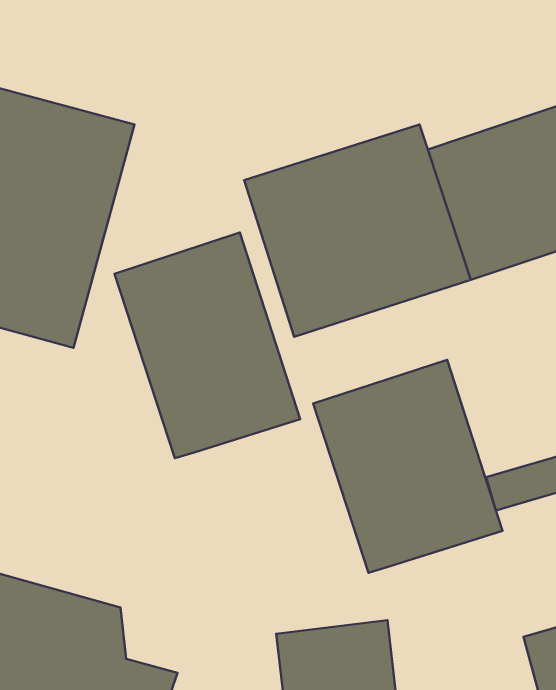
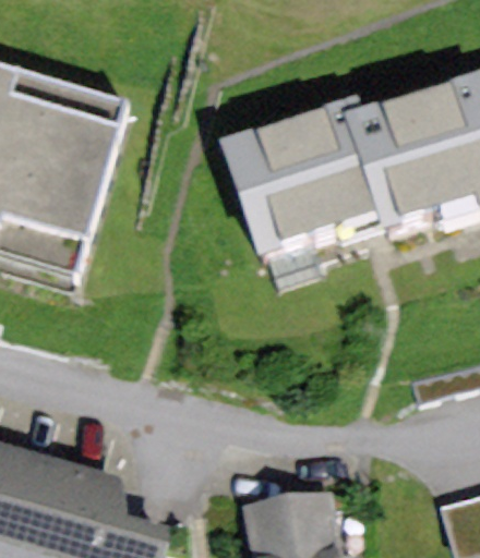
building: [114,233,300,458] -> none
building: [313,360,502,573] -> none

